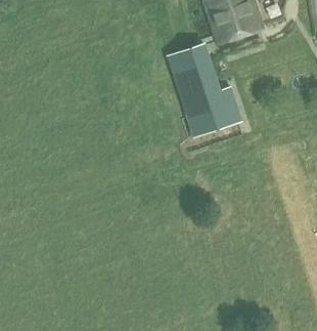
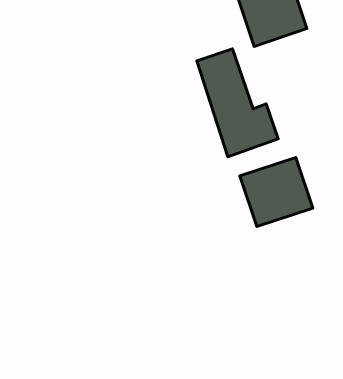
building: none -> [240,157,313,226]

